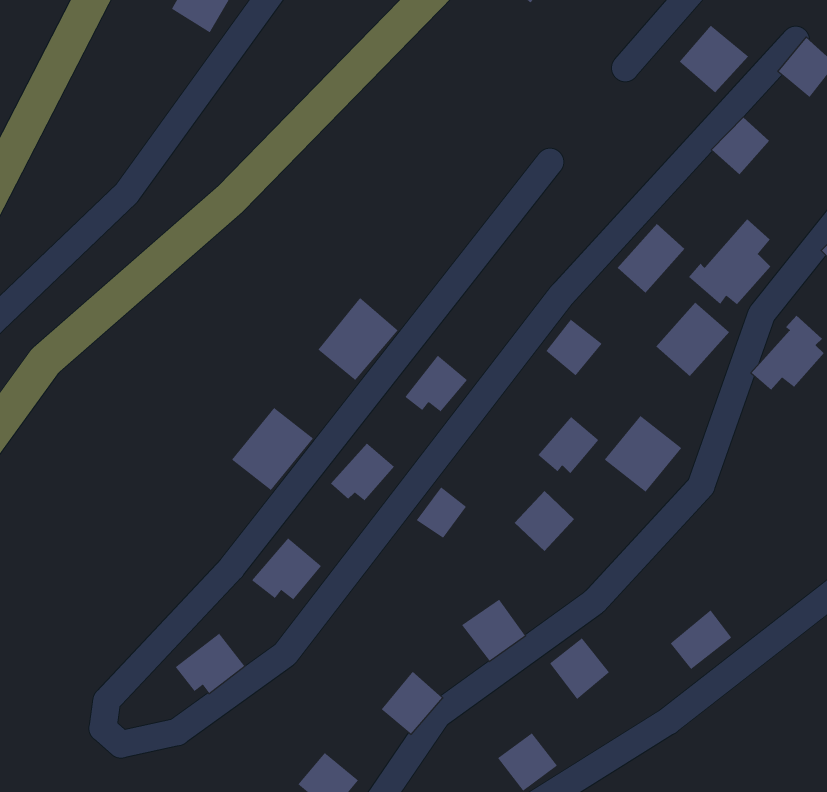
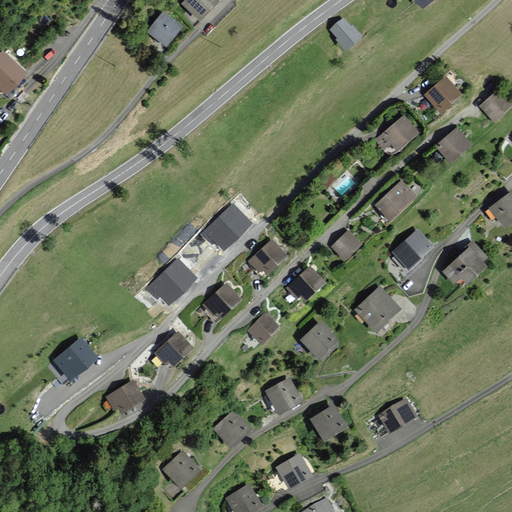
building: none -> [377,116,417,150]
building: [688,218,771,305] -> none
building: [538,416,599,474] -> [288,267,323,299]
building: none -> [53,337,98,380]

